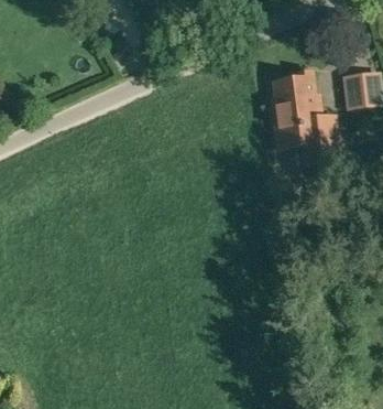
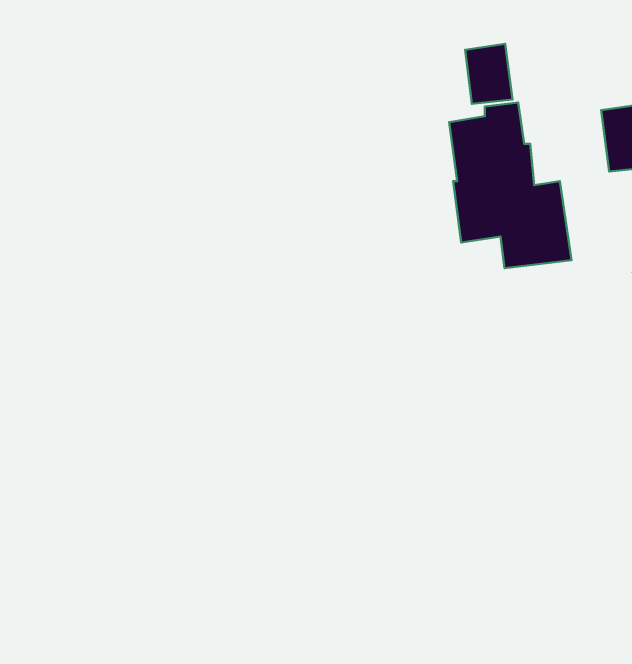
building: none -> [465,44,512,104]

